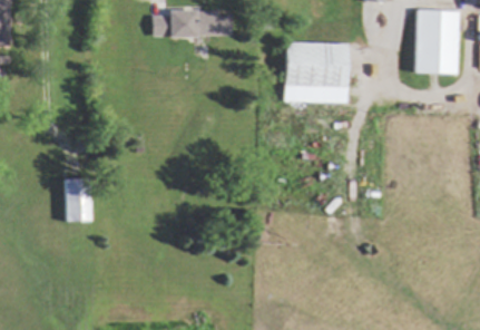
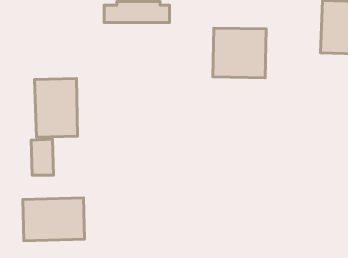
building: none -> [34,78,77,137]
building: none -> [23,198,84,241]

